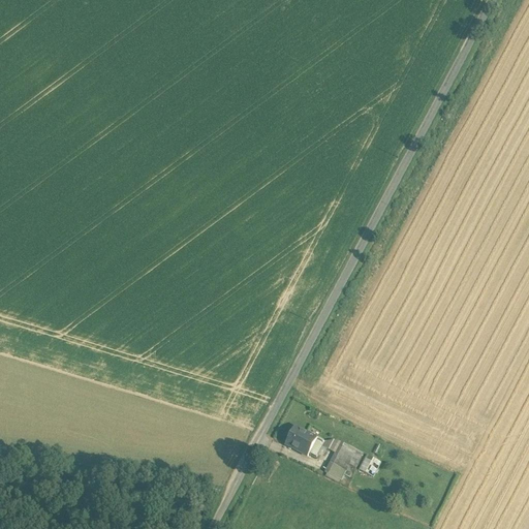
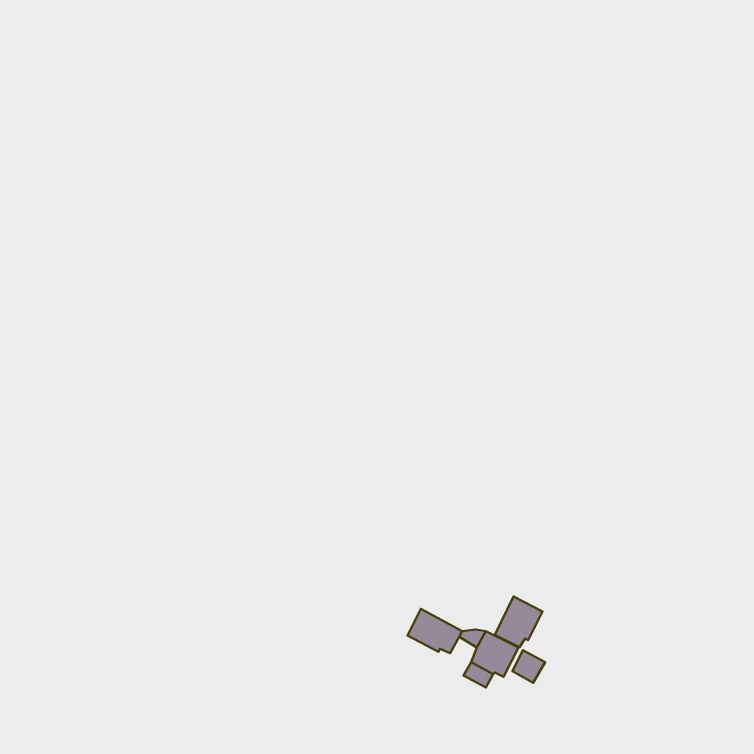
building: none -> [495,597,542,647]

